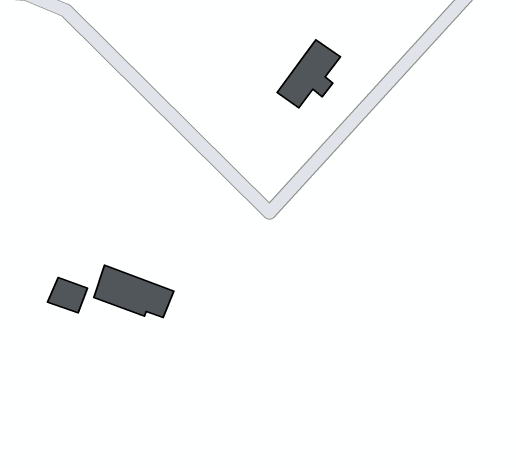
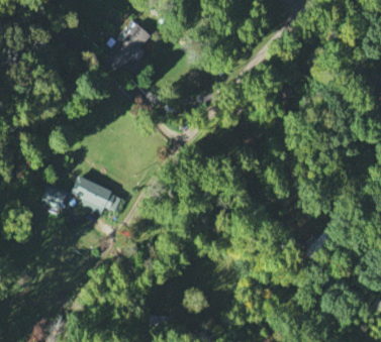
building: [277,40,341,108] -> [109,23,151,68]

